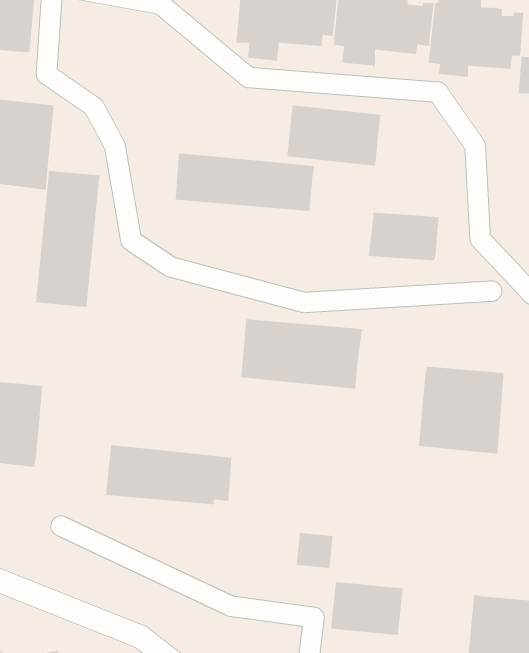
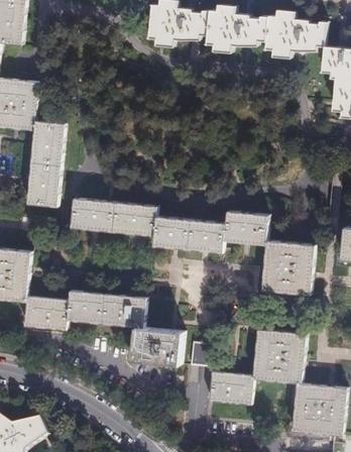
building: [287,104,381,167] -> none
building: [175,153,315,211] -> [70,199,156,235]
building: [368,212,439,261] -> [225,214,269,244]
building: none -> [23,297,71,332]
building: none -> [133,324,187,364]
building: none -> [253,329,308,383]

